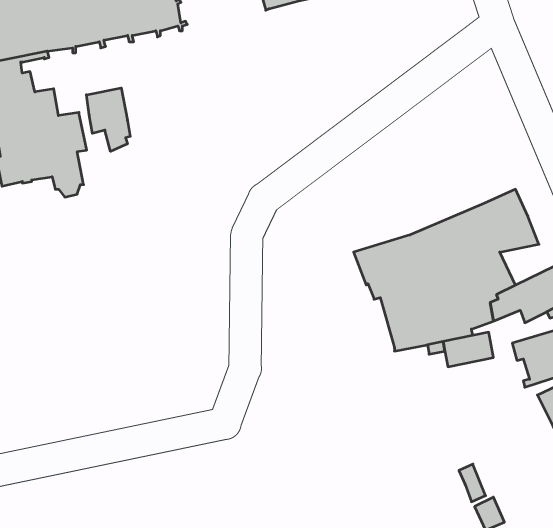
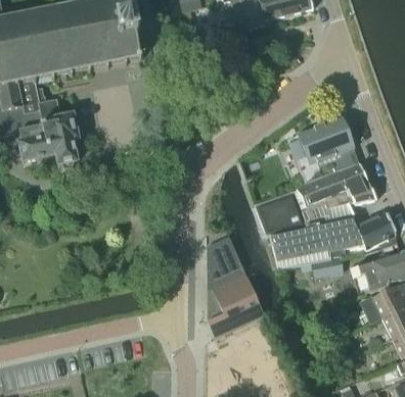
building: [86,88,130,151] -> none
building: none -> [295,115,353,183]
building: none -> [207,236,264,337]

